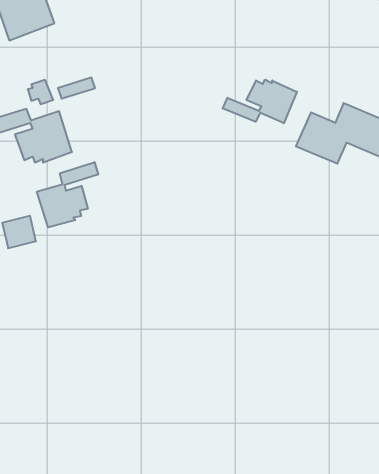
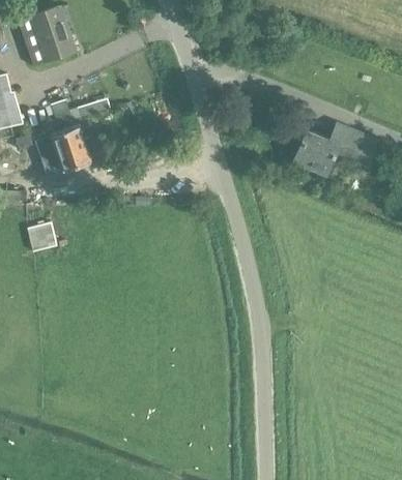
building: [223,80,297,123] -> none
building: [37,162,98,227] -> none

